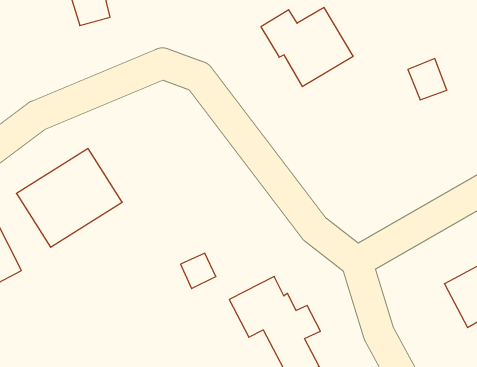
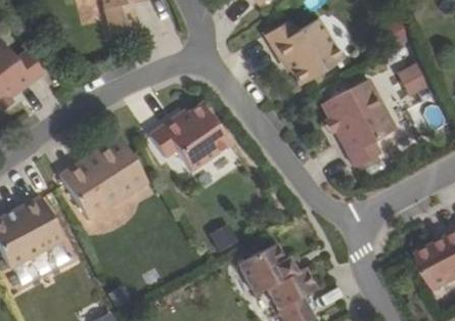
building: none -> [322,78,396,166]
building: none -> [149,102,230,170]

